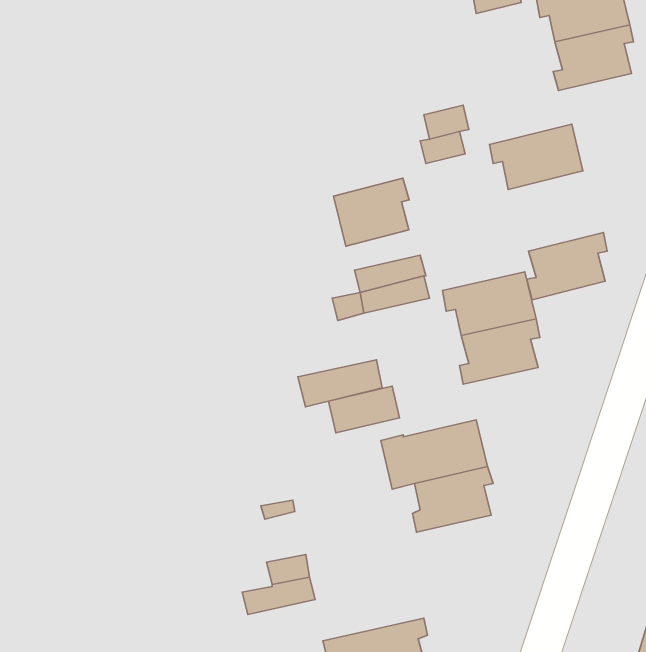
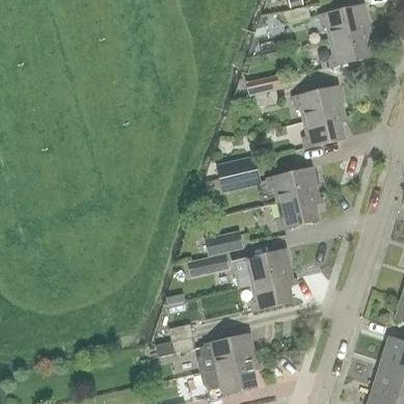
building: [333,178,409,246] -> none
building: [527,232,607,300] -> [302,110,347,147]
building: [298,360,382,407] -> [187,251,234,277]
building: none -> [198,332,257,371]

